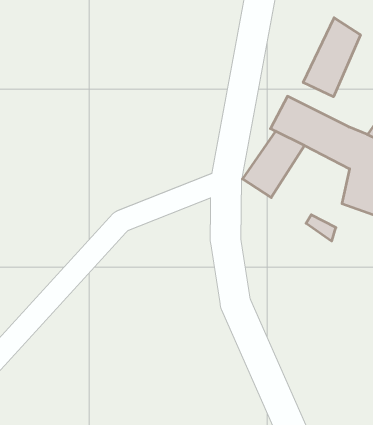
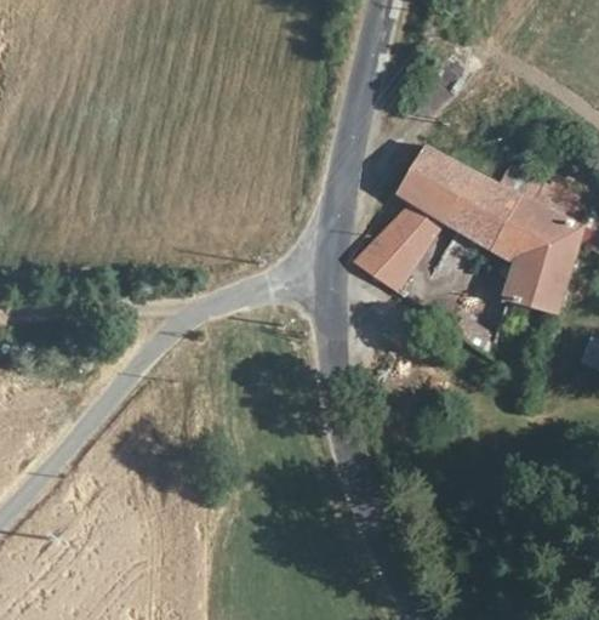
building: [303,18,360,97] -> none

